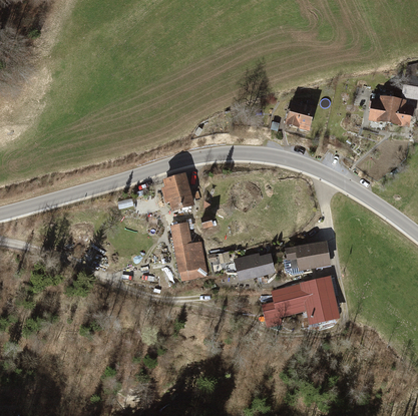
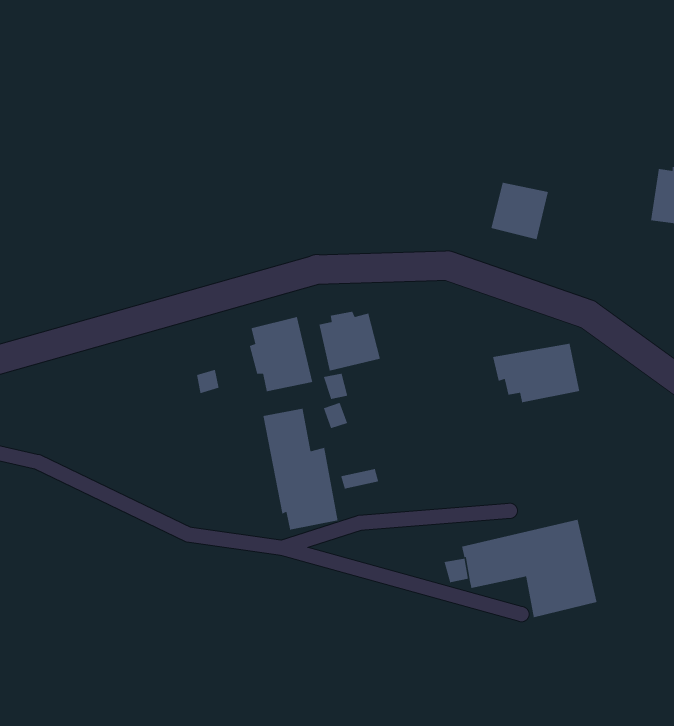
building: none -> [318,311,381,372]
building: [283,236,328,267] -> [492,343,580,403]
building: [231,248,275,278] -> none

